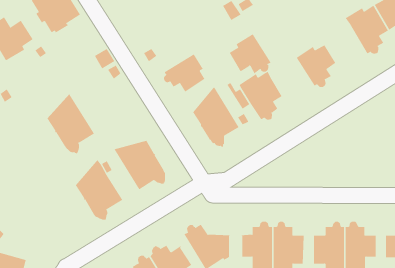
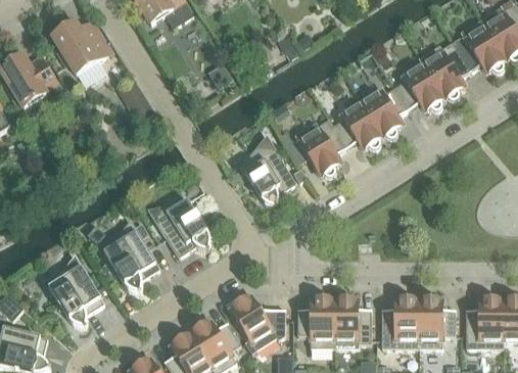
building: none -> [394,63,443,110]
building: [229,34,272,74] -> [332,102,382,149]
building: [164,53,205,93] -> none
building: [47,93,95,155] -> [48,255,104,327]

